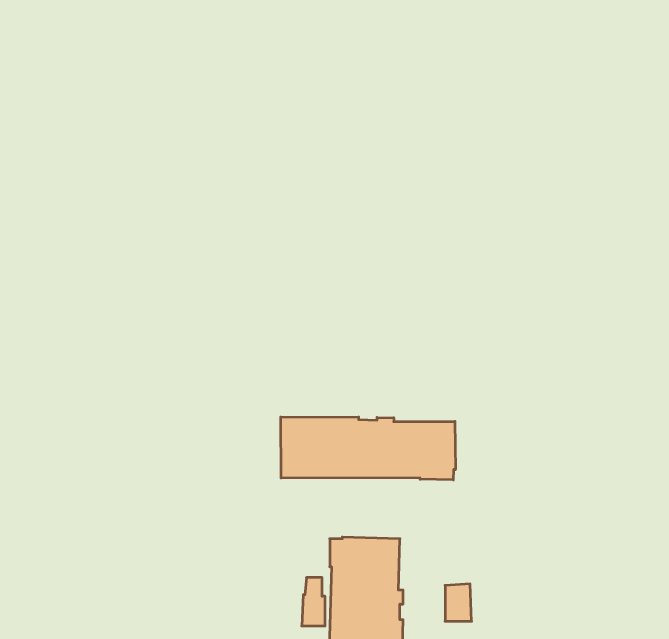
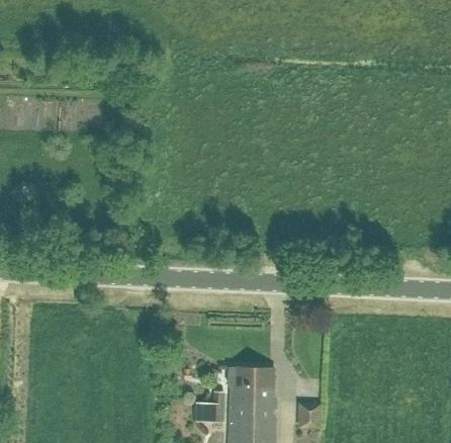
building: [281,417,455,480] -> none

